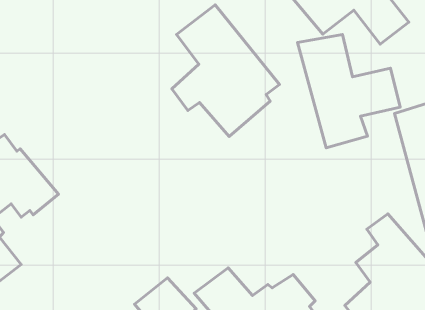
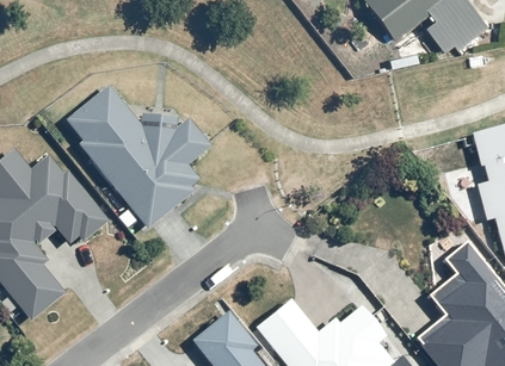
building: [172,5,280,136] -> none
building: [298,34,400,148] -> none
building: none -> [67,82,213,224]

